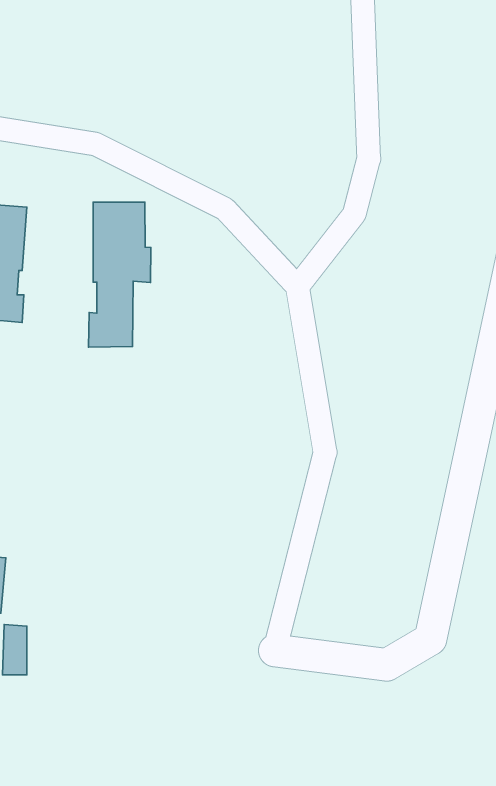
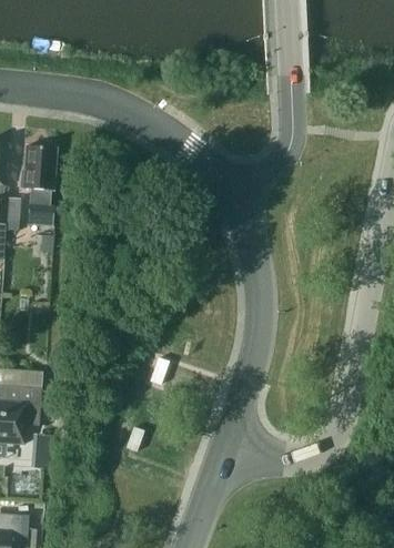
building: [89,202,151,347] -> none

